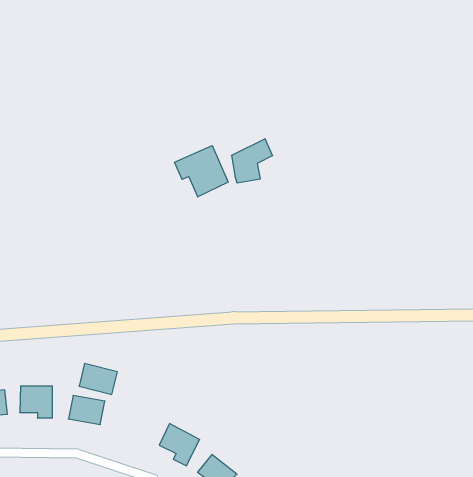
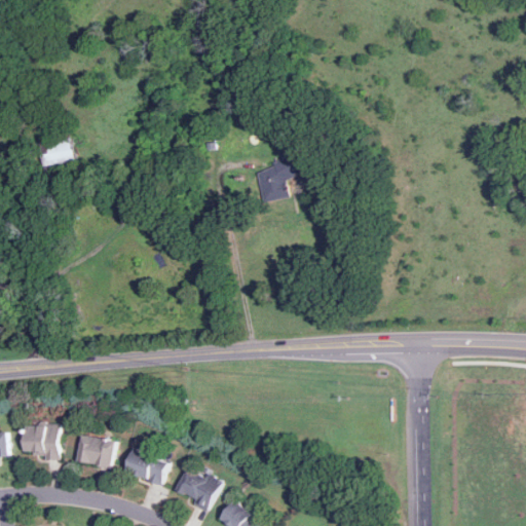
building: none -> [39,141,72,164]
building: [174,146,228,197] -> none
building: [79,364,117,394] -> [124,450,166,484]

